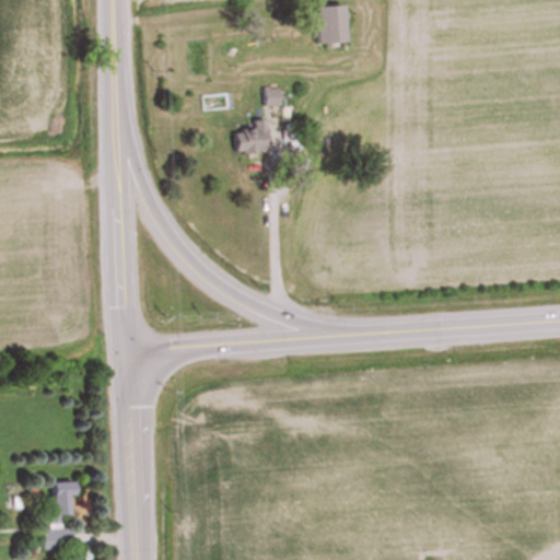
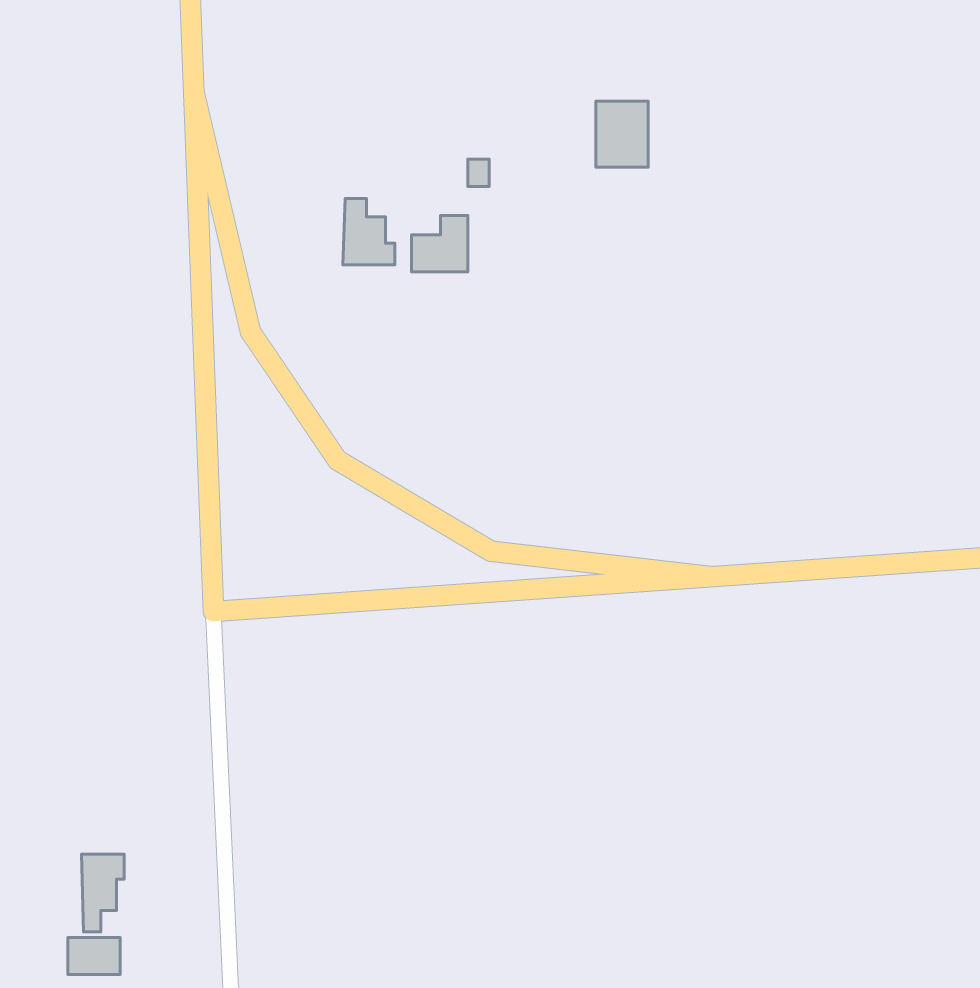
building: [318,7,348,44] -> [596,101,648,167]
building: none -> [343,199,395,265]

